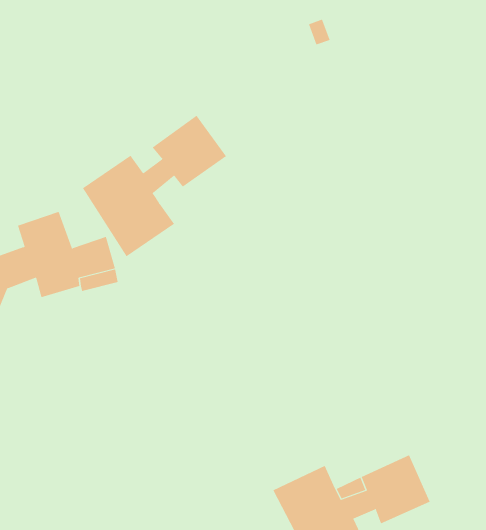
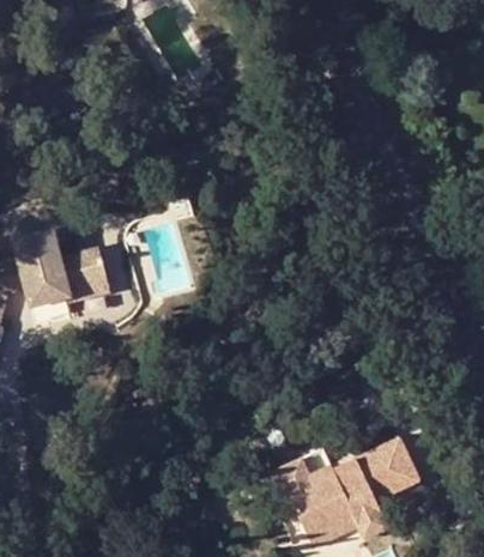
building: [82,115,227,257] -> none

